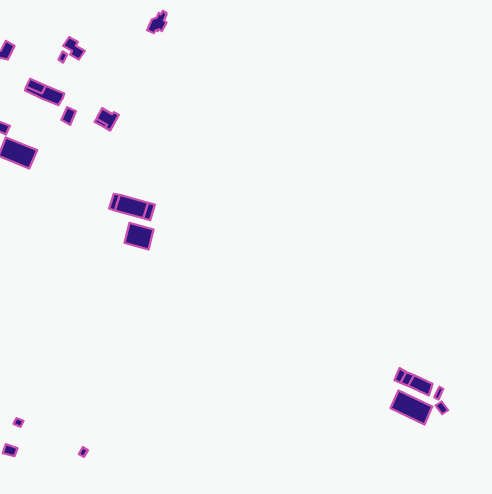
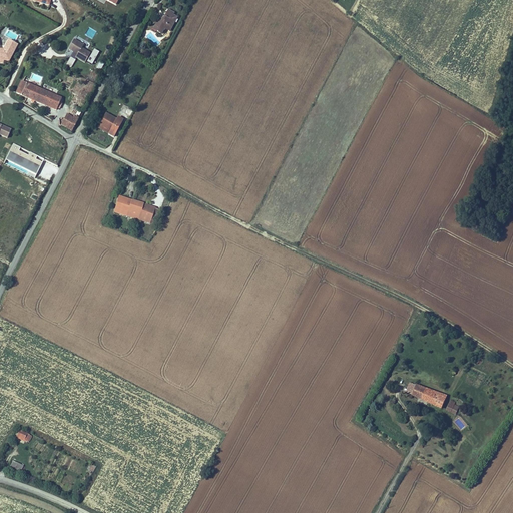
building: [124,223,154,249] -> none
building: [391,390,432,424] -> none

